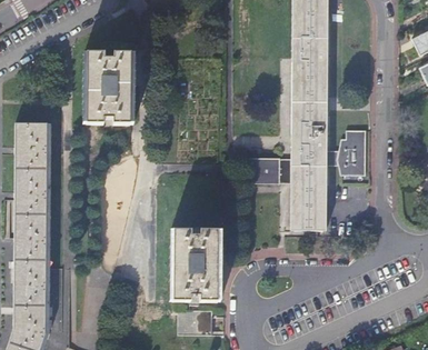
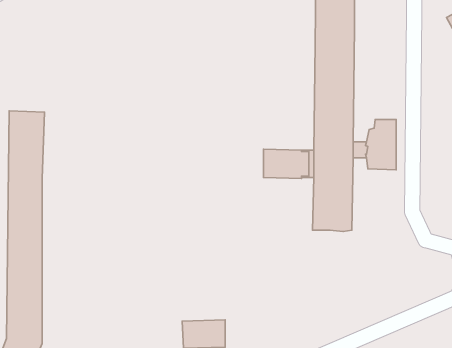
building: [86,53,130,126] -> none
building: [171,230,218,302] -> none

